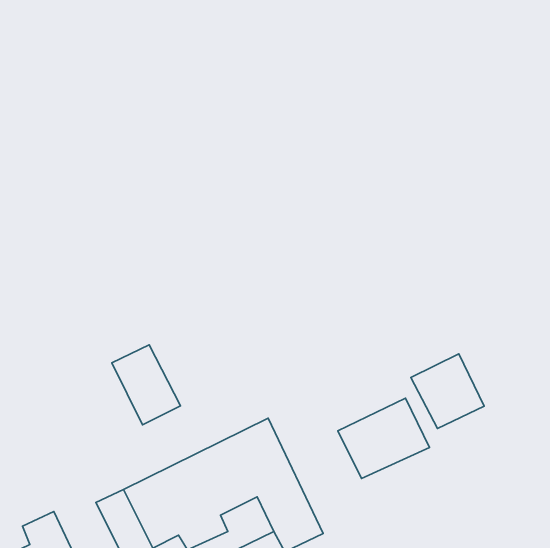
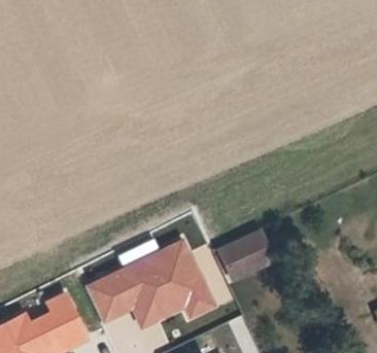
building: [112,345,181,425] -> none
building: [411,354,484,428] -> none

